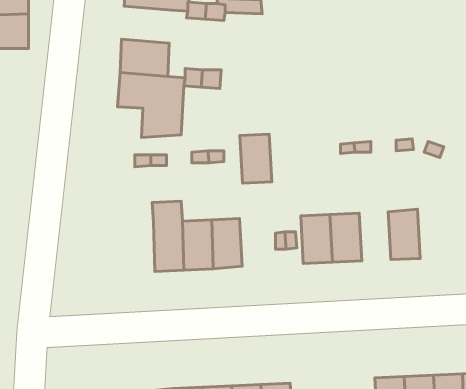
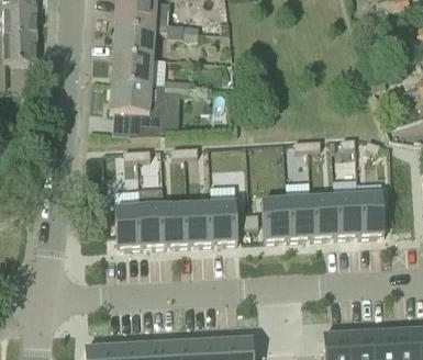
building: none -> [112,25,154,56]
building: [240,134,272,183] -> [210,200,236,240]
building: none -> [357,192,383,234]
building: none -> [309,195,335,236]
building: none -> [114,204,140,246]

